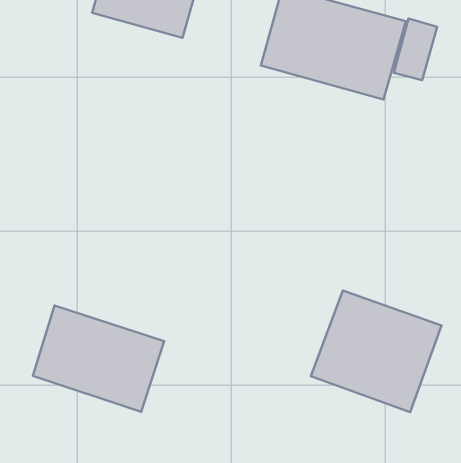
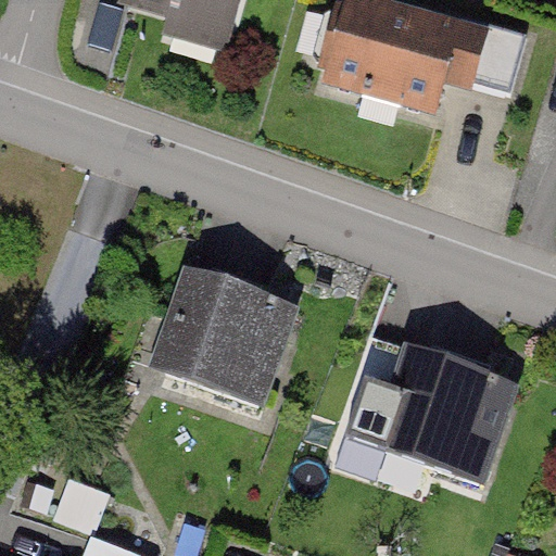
building: none -> [151,263,302,400]
building: [33,305,164,412] -> none

